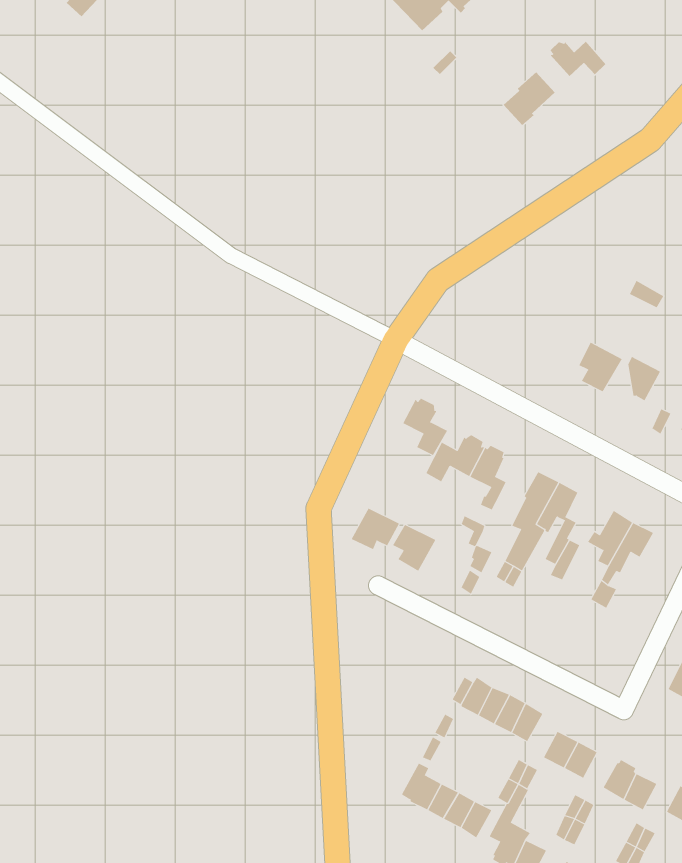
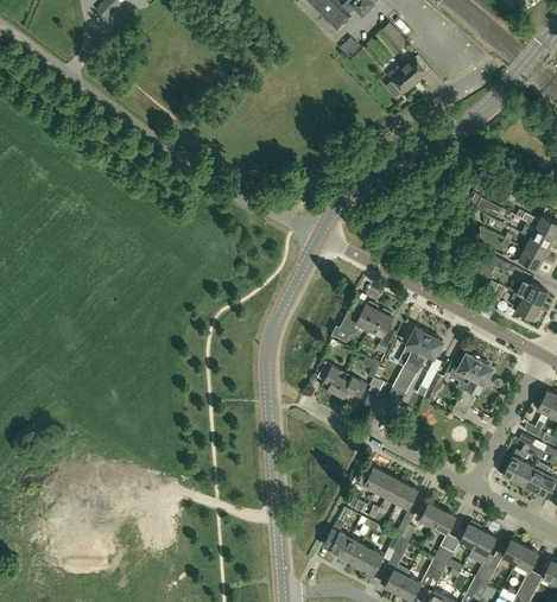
building: [550,41,606,77] -> none
building: [578,342,622,392] -> none
building: [402,398,448,456] -> none
building: [351,508,400,550] -> [335,373,368,401]

